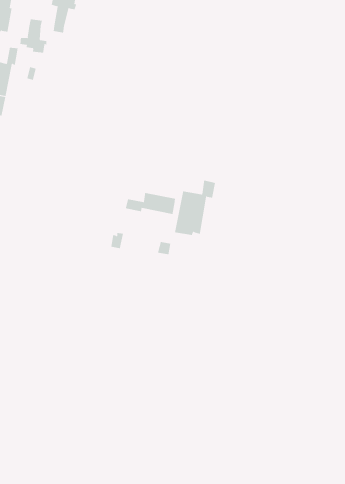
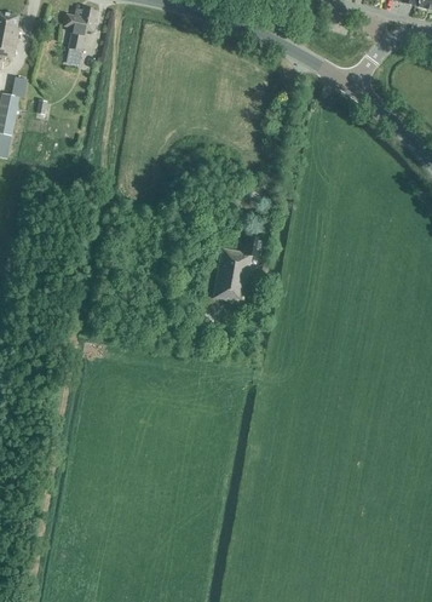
building: [20,19,47,54] -> none
building: [125,192,176,215] -> none

